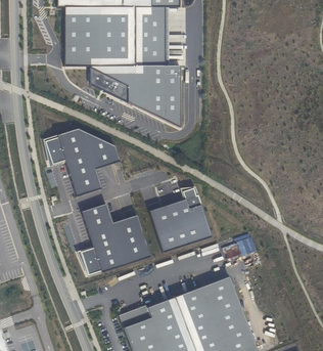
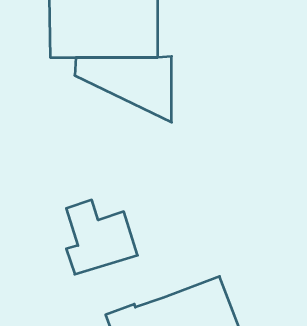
building: [43,128,117,194] -> none
building: [149,186,209,251] -> none

